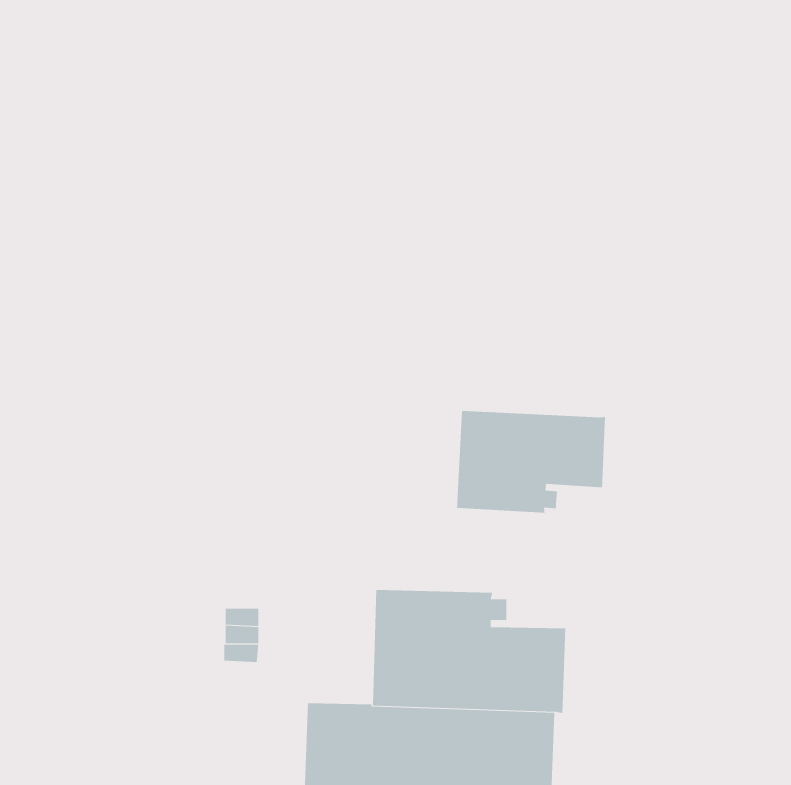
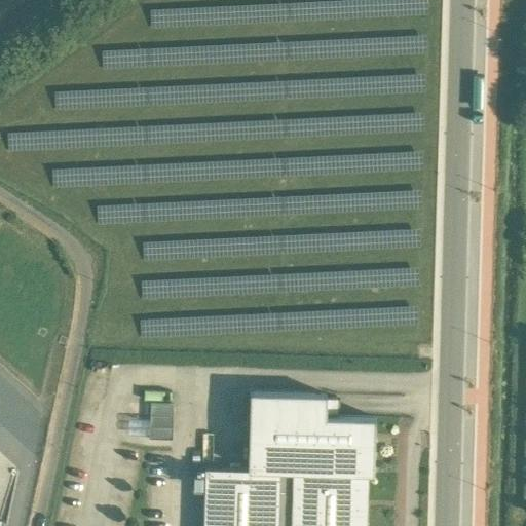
building: [456,410,606,513] -> none

